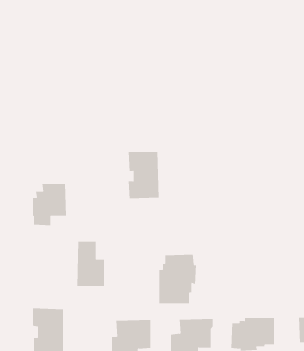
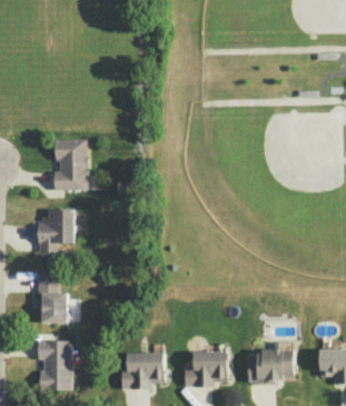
building: [128,151,159,199] -> [53,139,87,189]
building: [76,241,105,286] -> [37,274,67,321]
building: [159,254,197,304] -> none

